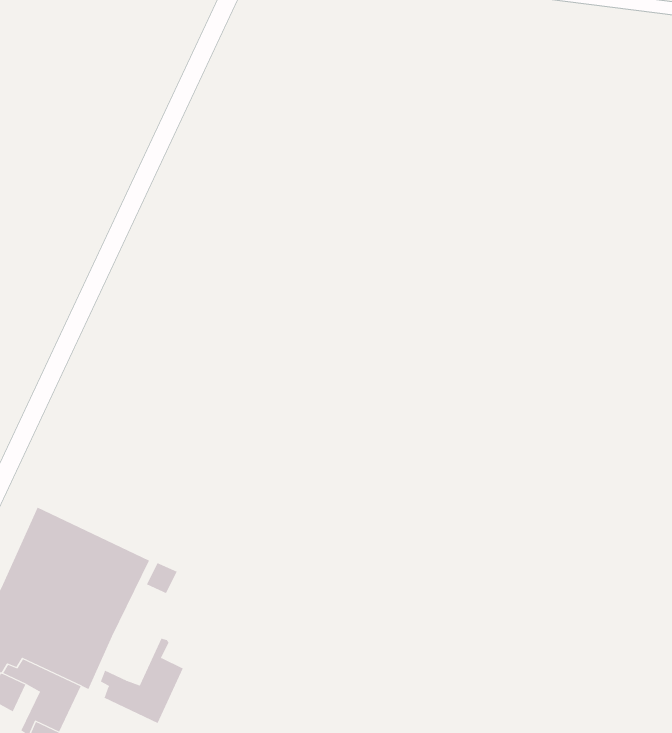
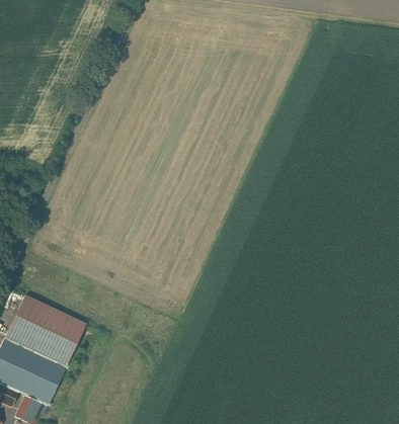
building: [100,638,184,724] -> none

